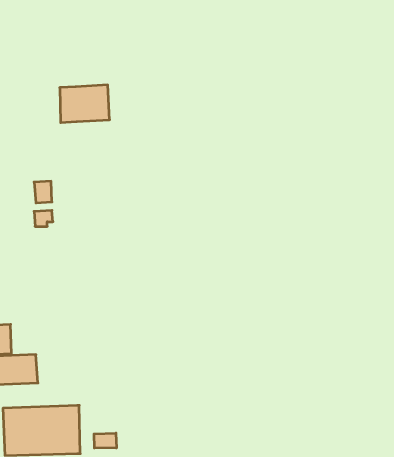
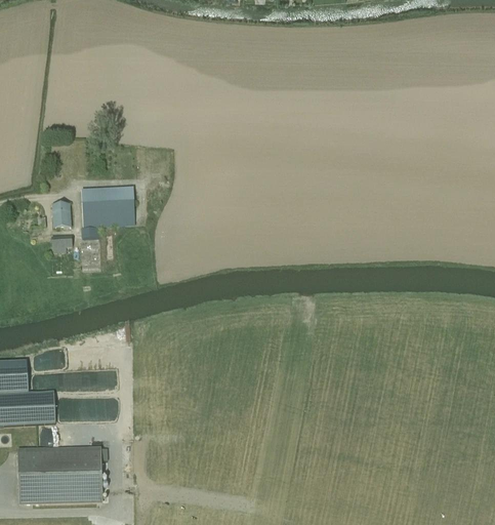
building: [60,85,110,123] -> [81,187,135,228]
building: [94,433,116,448] -> none

